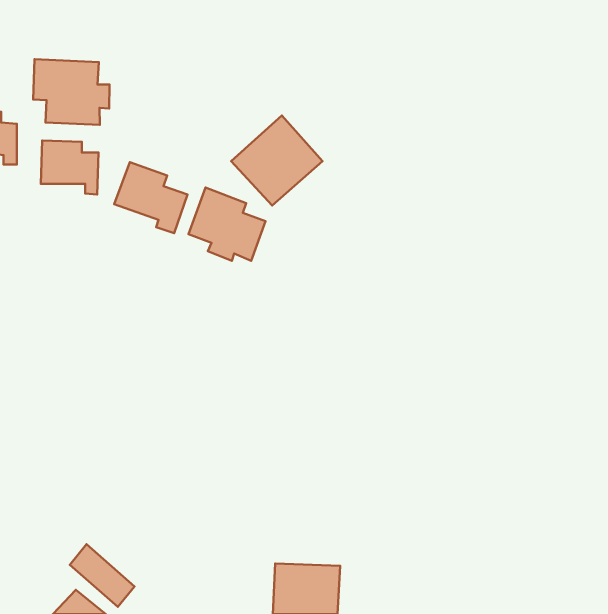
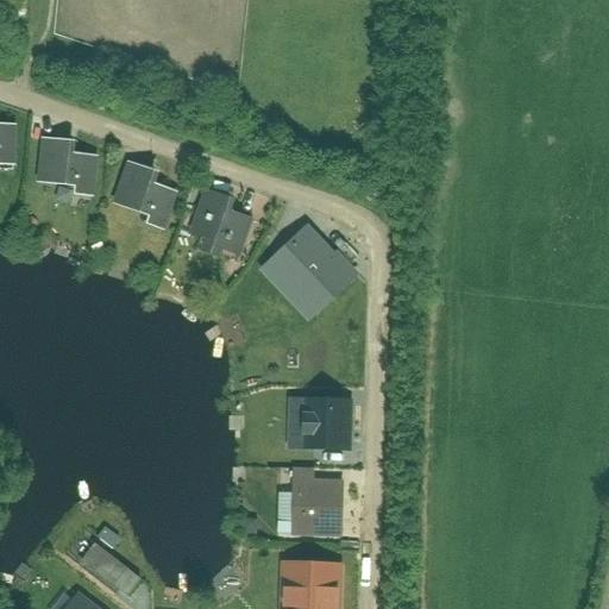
building: [33,59,109,125] -> none
building: [231,115,323,206] -> [264,230,354,319]
building: none -> [290,402,350,447]
building: none -> [283,476,337,533]

